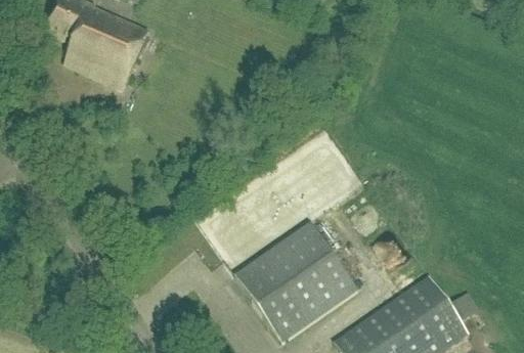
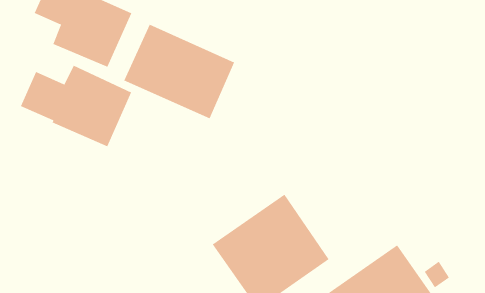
building: none -> [124,24,235,119]
building: none -> [20,65,132,147]

